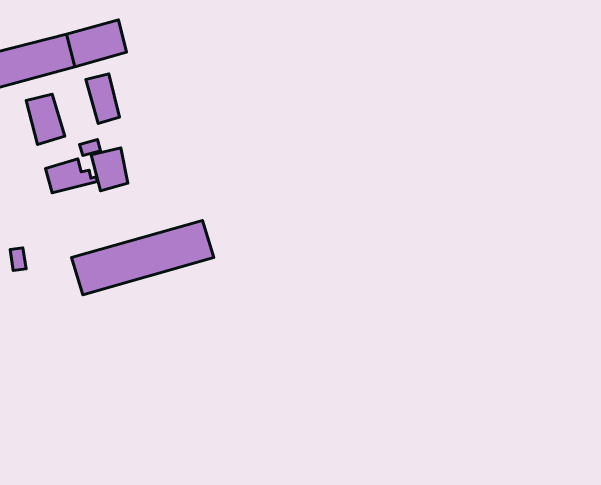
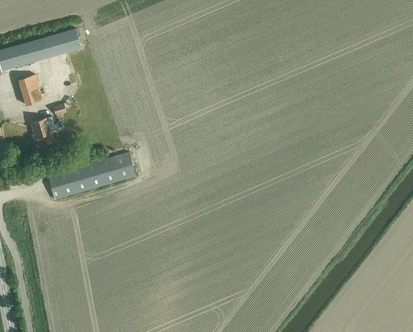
building: [86,74,119,124] -> none
building: [91,148,128,191] -> none

